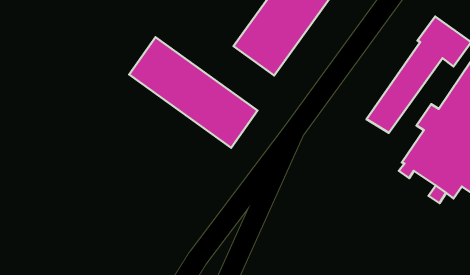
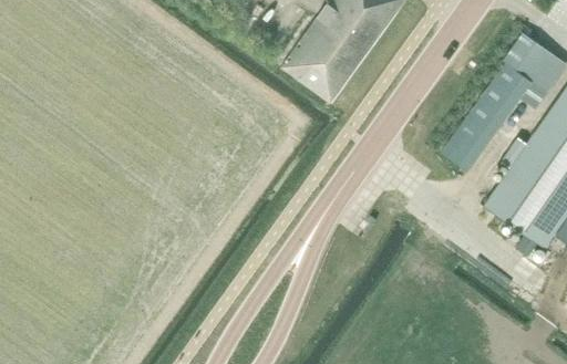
building: [129,37,257,148] -> none

